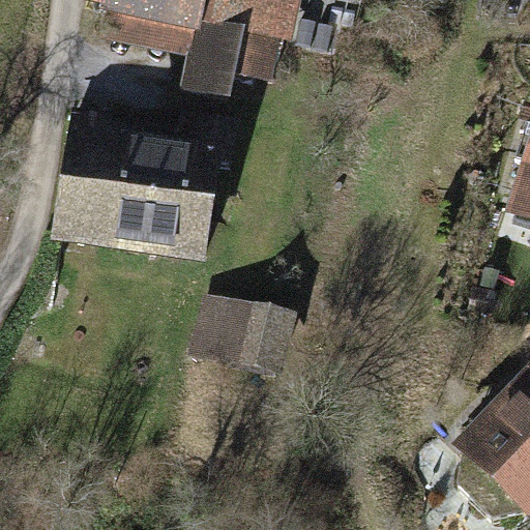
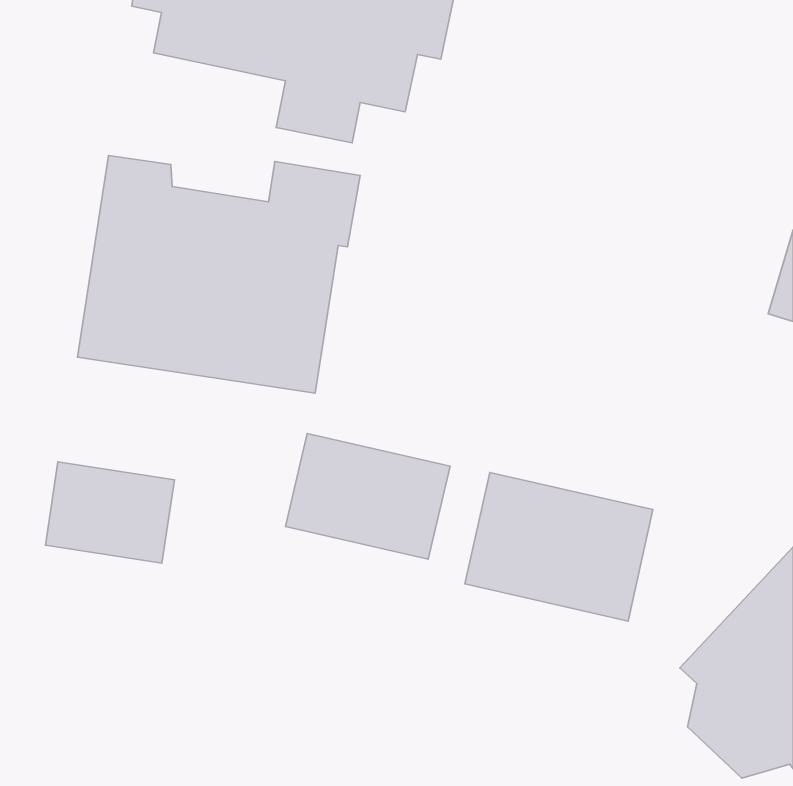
building: none -> [45,462,174,563]
building: none -> [465,472,653,621]

